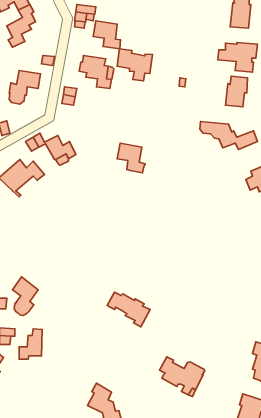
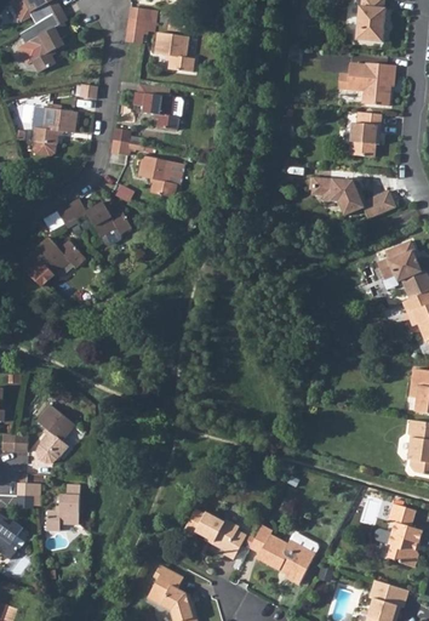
building: [117,49,153,81] -> none
building: [117,143,145,173] -> [135,154,176,198]
building: [107,292,150,327] -> [183,509,246,560]

